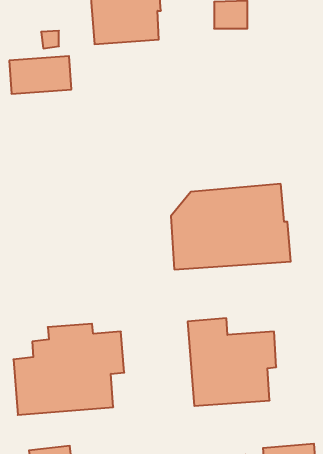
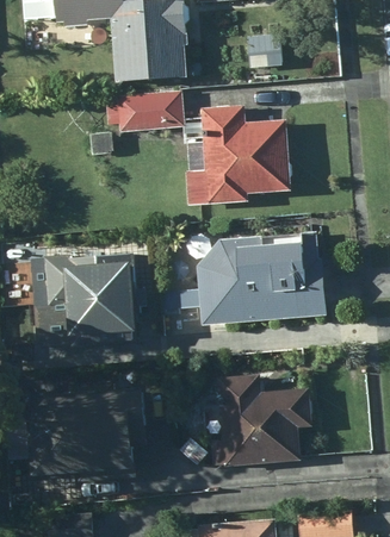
building: [9,56,71,94] -> [113,88,180,129]
building: none -> [181,107,285,205]
building: none -> [45,254,138,348]

